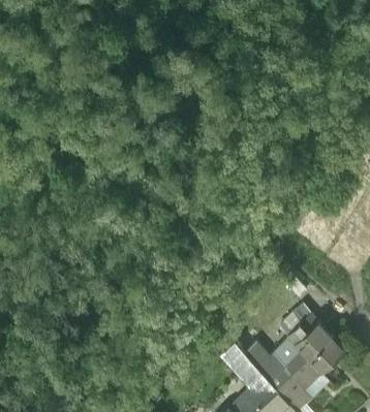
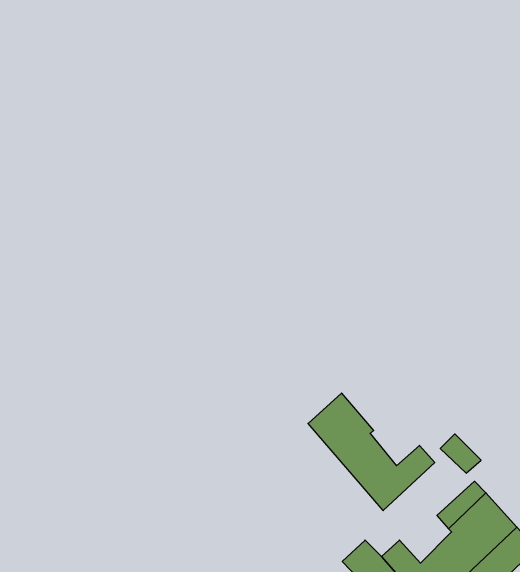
building: none -> [308,393,435,511]

